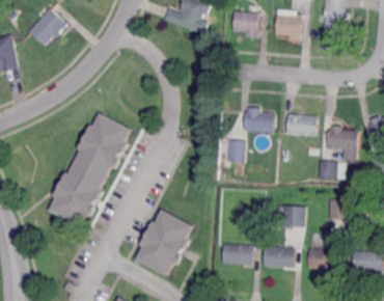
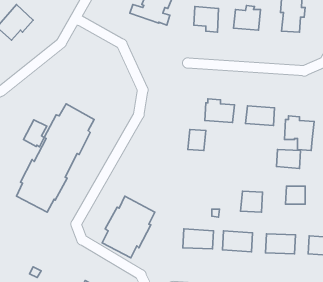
building: none -> [24,120,47,147]

